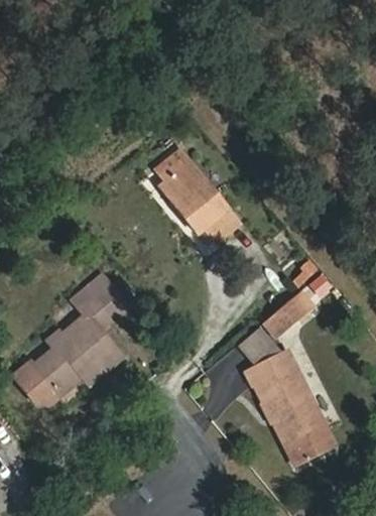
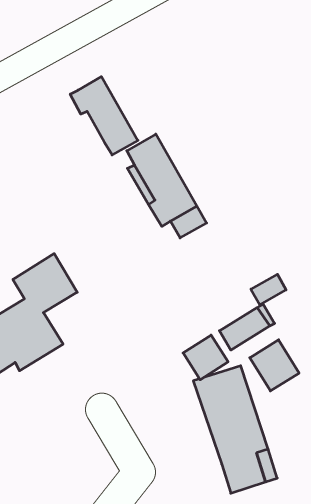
building: none -> [70,77,138,155]
building: none -> [250,340,299,391]

